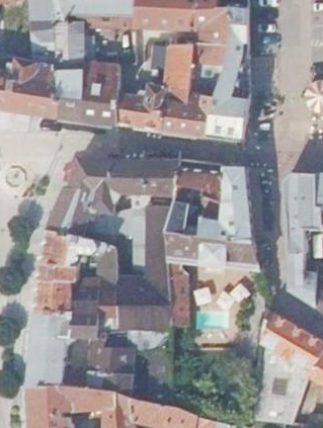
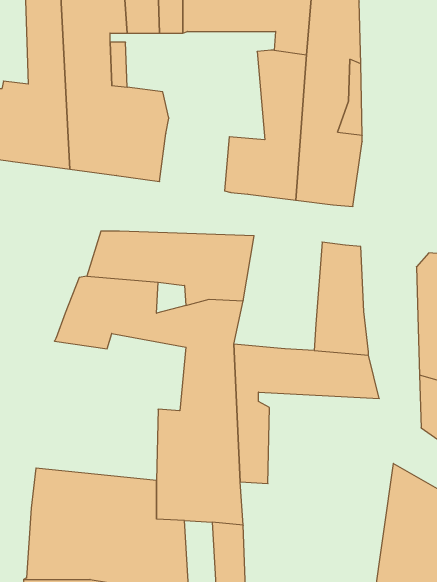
building: [116,39,185,132] -> none
building: [165,161,223,235] -> none
building: [35,230,115,321] -> none

